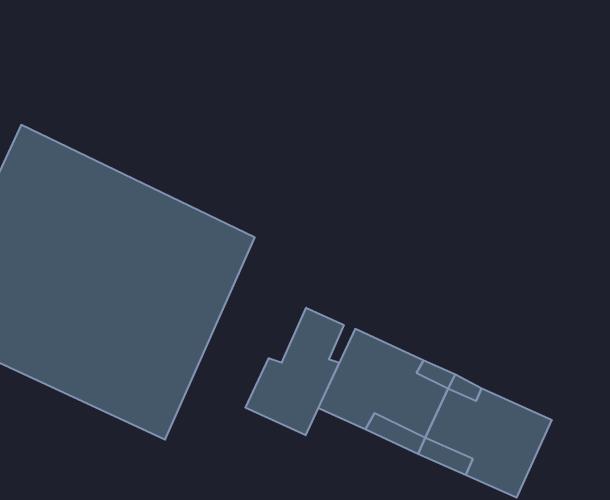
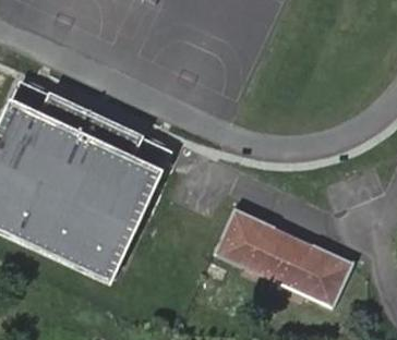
building: [245,308,344,435] -> none

